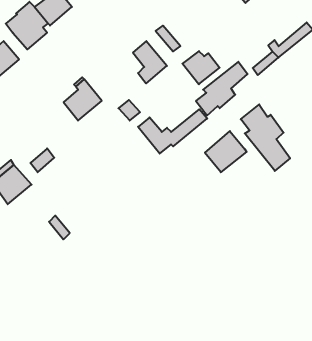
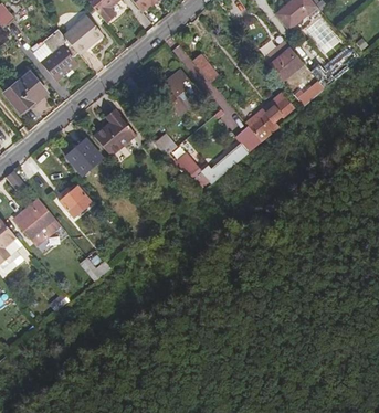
building: [182,51,220,84] -> [263,45,303,81]
building: none -> [65,138,102,176]
building: [241,104,290,171] -> none
building: [205,131,247,172] -> none

